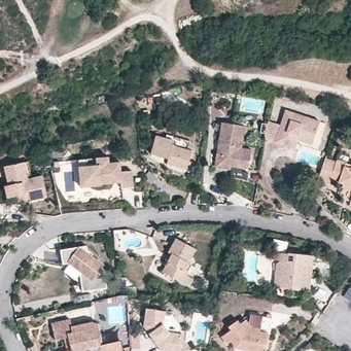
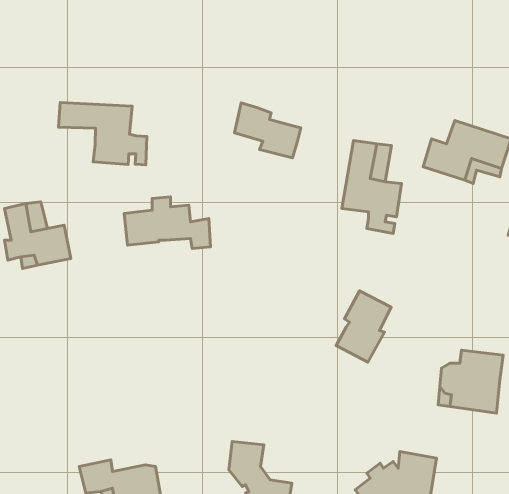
building: none -> [58,102,147,165]
building: [149,137,190,171] -> [234,103,301,158]
building: [161,239,195,283] -> [336,291,391,362]
building: [59,246,106,291] -> none

